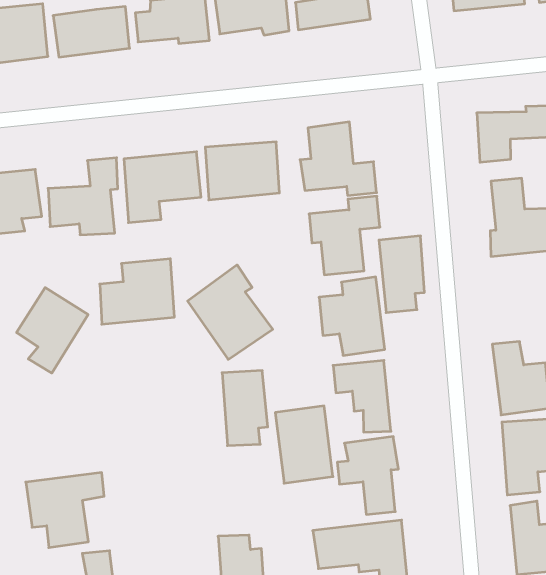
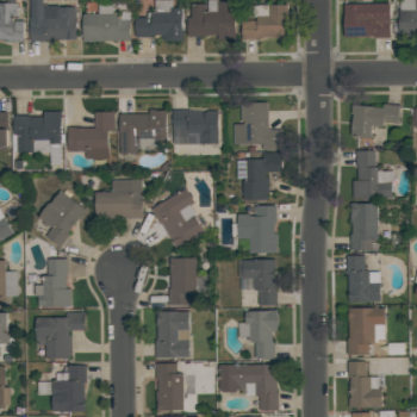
building: [379,236,424,313] -> [351,204,379,251]
building: none -> [38,260,73,307]
building: [275,406,333,483] -> [157,311,191,359]

